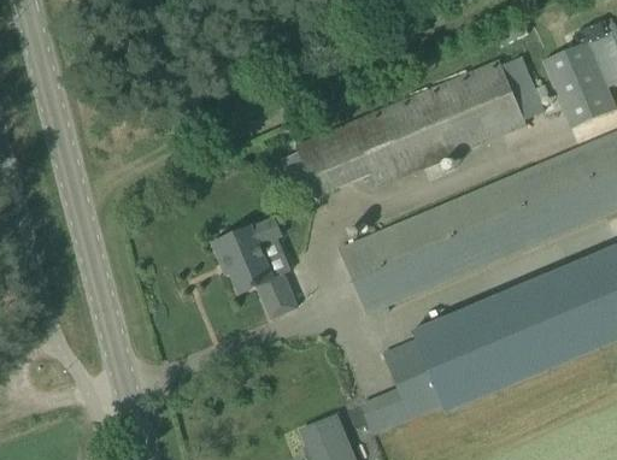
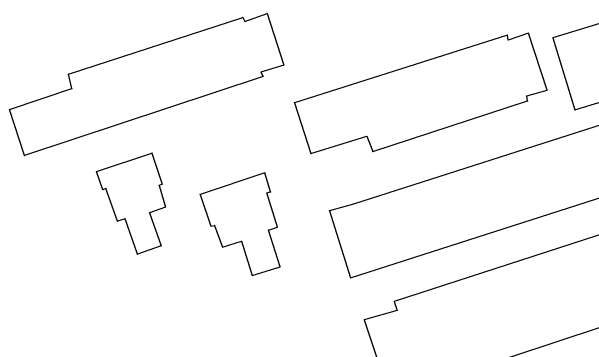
building: none -> [10,13,284,156]
building: none -> [96,153,165,254]

